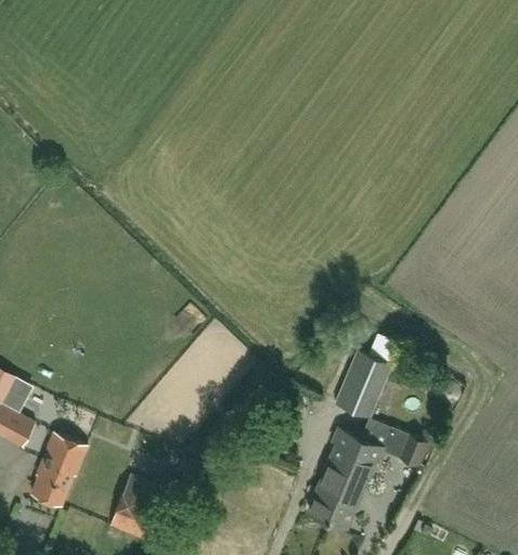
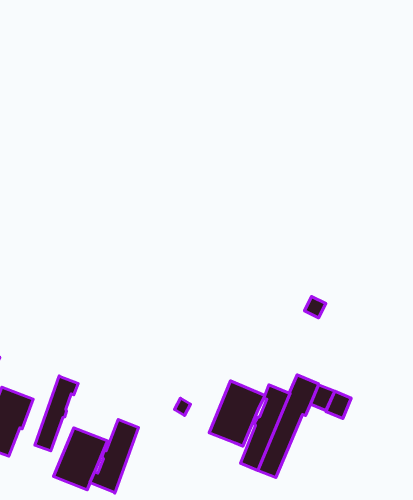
building: [334,349,392,418] -> [209,381,264,446]
building: none -> [35,376,78,451]
building: none -> [90,419,139,493]

